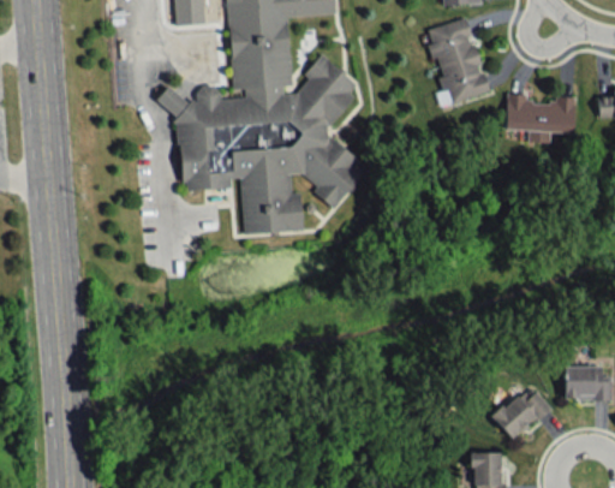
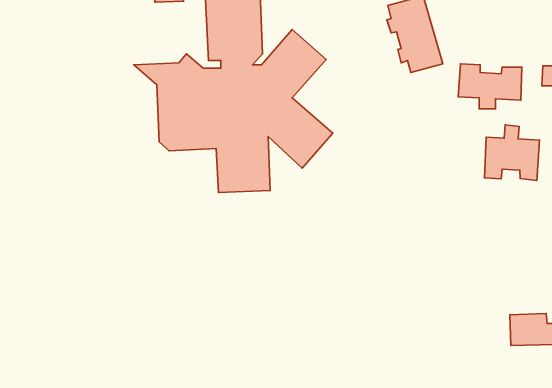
building: none -> [484,125,539,181]
building: [495,385,550,439] -> none

